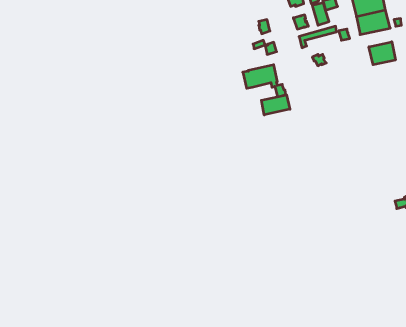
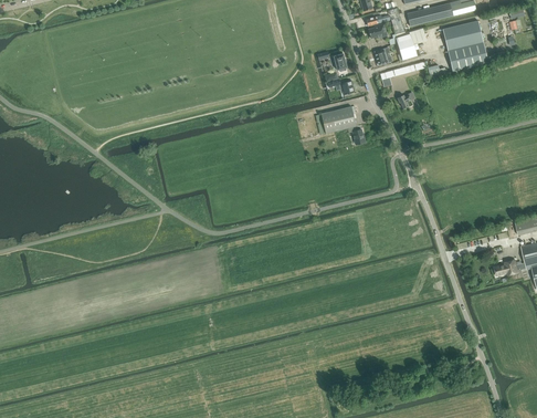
building: [369,42,395,65] -> none
building: [261,95,290,115] -> none

